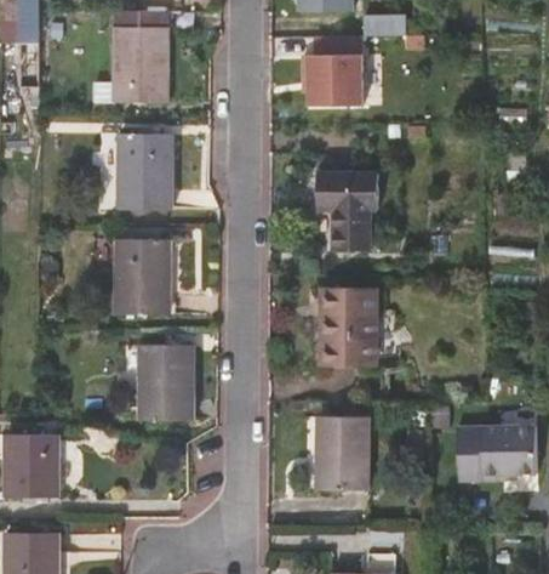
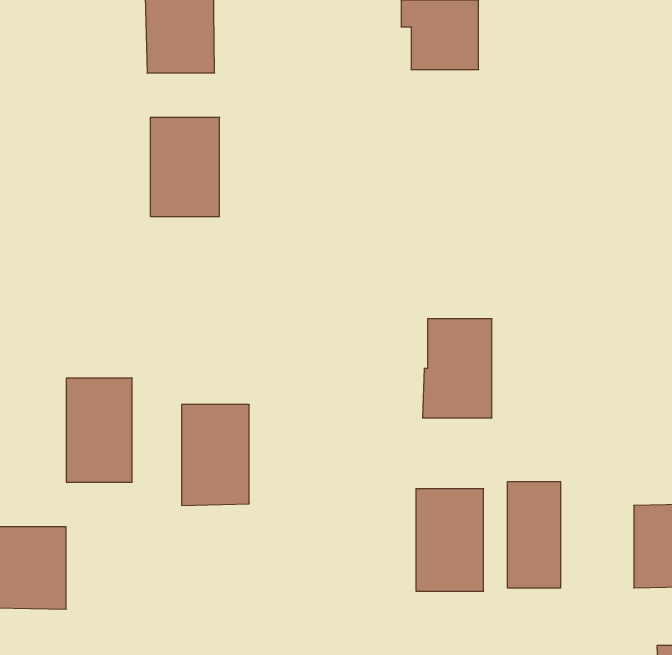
building: [314,167,377,246] -> none
building: [120,241,168,318] -> [66,378,132,482]
building: none -> [508,482,561,588]

